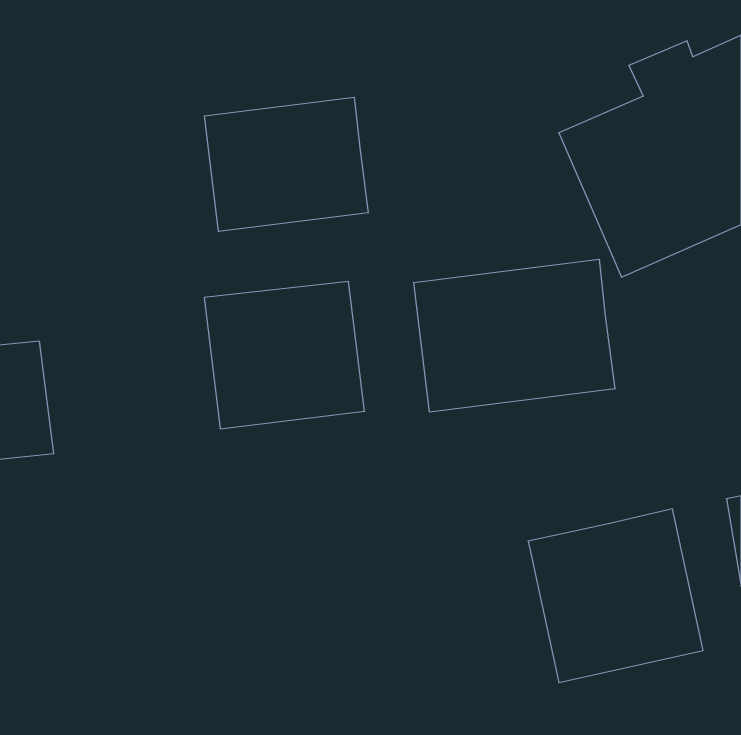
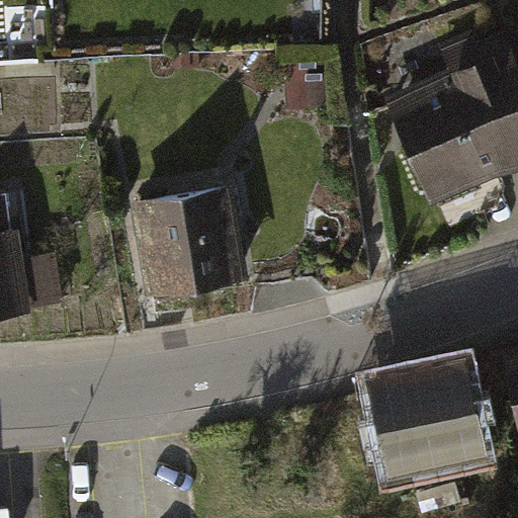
building: [205,97,368,232] -> none
building: [414,259,615,412] -> none

